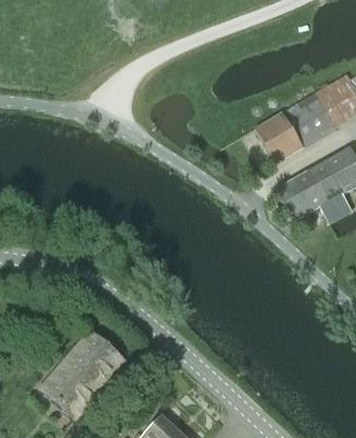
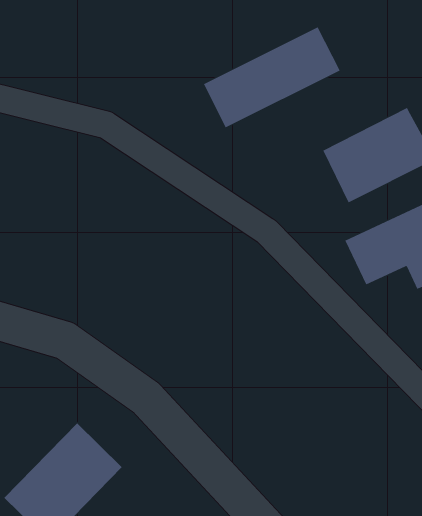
building: none -> [203,27,340,128]

